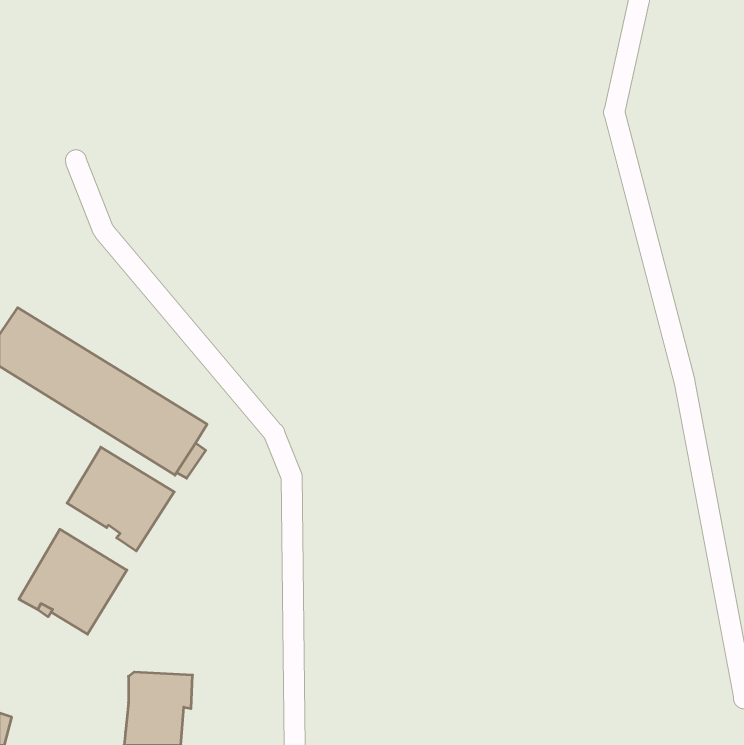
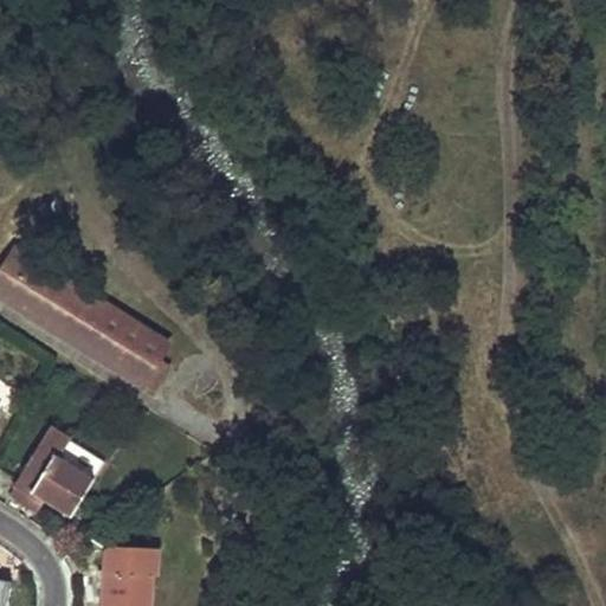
building: [67,447,174,551] -> none

